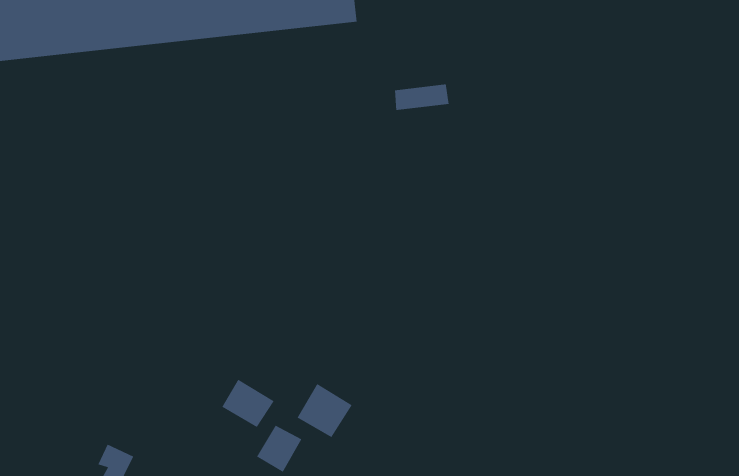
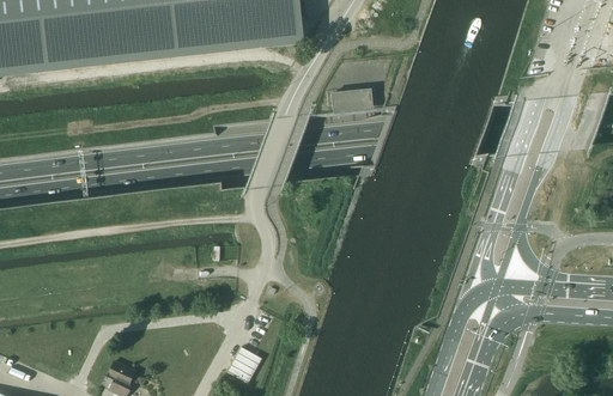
building: [221,379,275,428] -> none
building: [297,383,353,438] -> none

